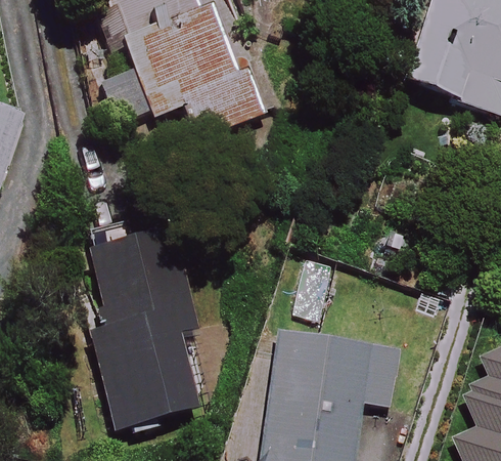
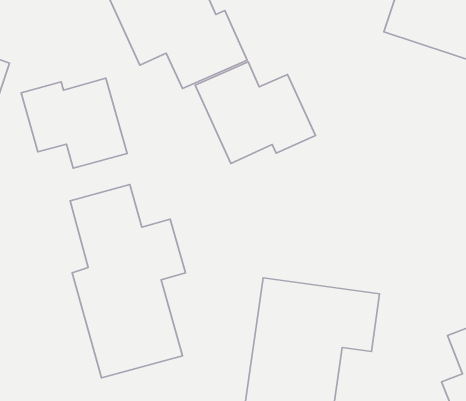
building: none -> [195,62,315,164]
building: none -> [21,78,127,168]

